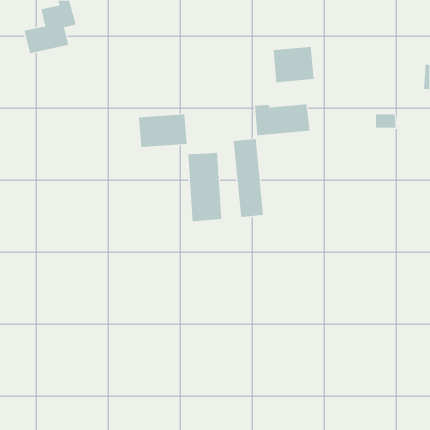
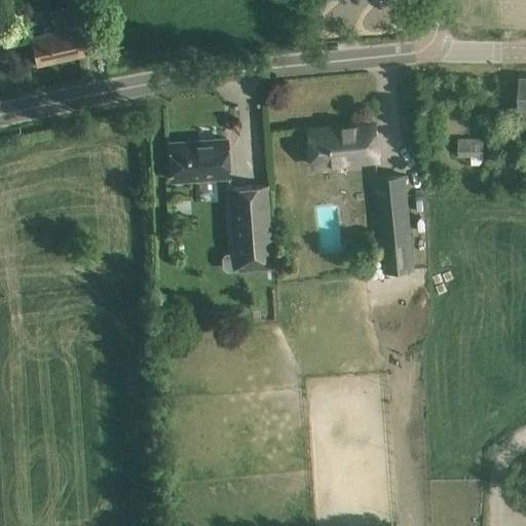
building: [273,46,314,83] -> none
building: [233,138,264,218] -> [375,177,413,273]

